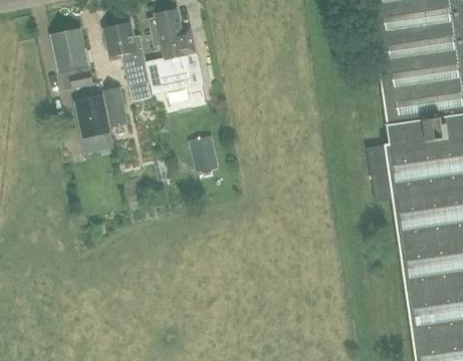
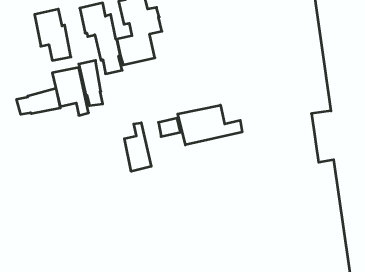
building: none -> [17,88,60,114]
building: none -> [178,105,242,145]
building: none -> [124,123,151,171]

